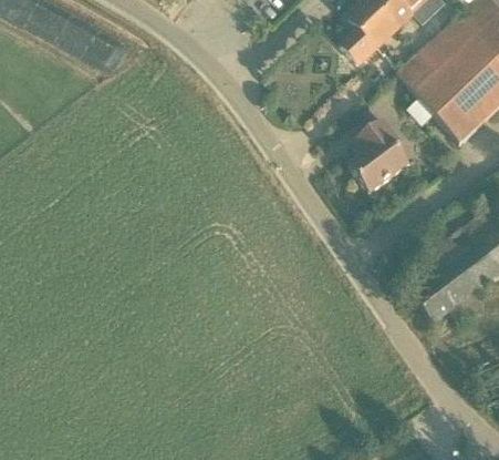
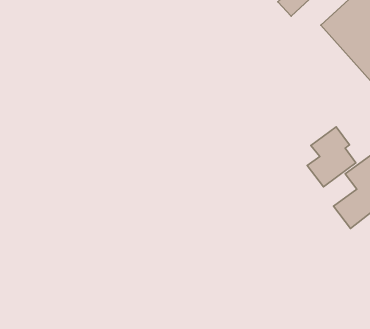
building: [351,116,410,191] -> [307,127,356,187]

